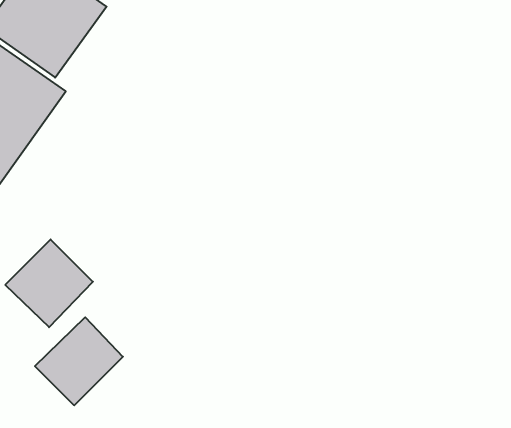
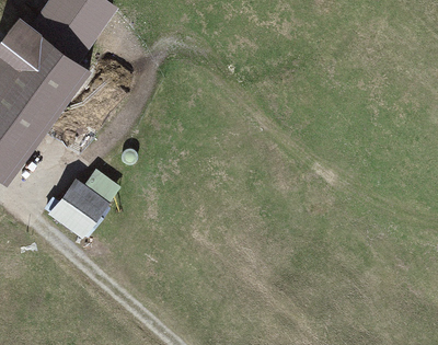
building: [35,317,123,405] -> none

